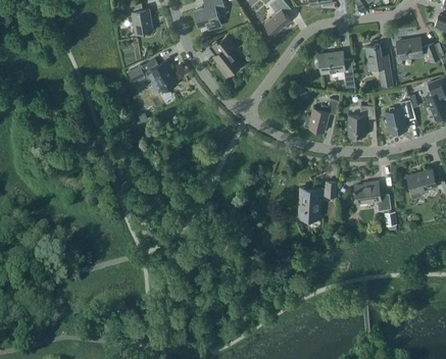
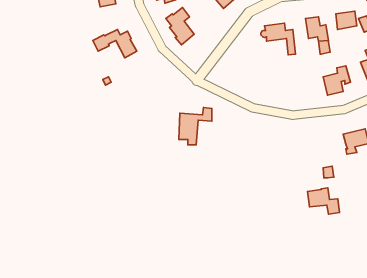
building: [304,99,338,133] -> none
building: [347,106,375,136] -> none
building: [298,182,335,223] -> [179,108,212,145]
building: [354,182,390,211] -> [308,188,340,214]

